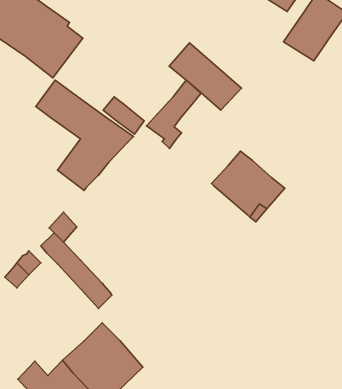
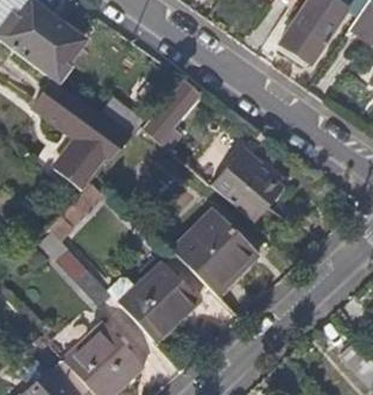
building: [169,43,242,110] -> none
building: none -> [172,211,257,295]
building: none -> [110,262,197,340]

